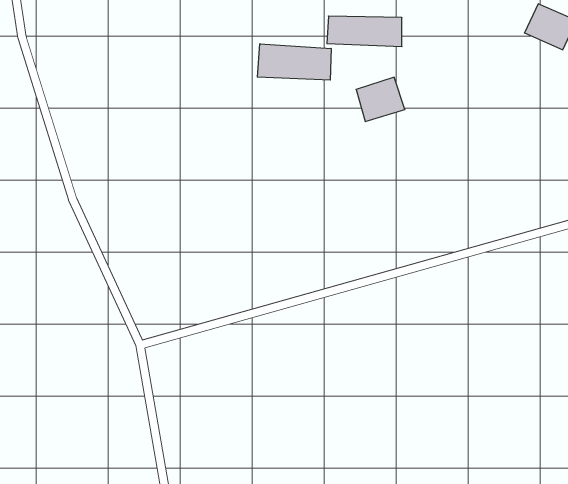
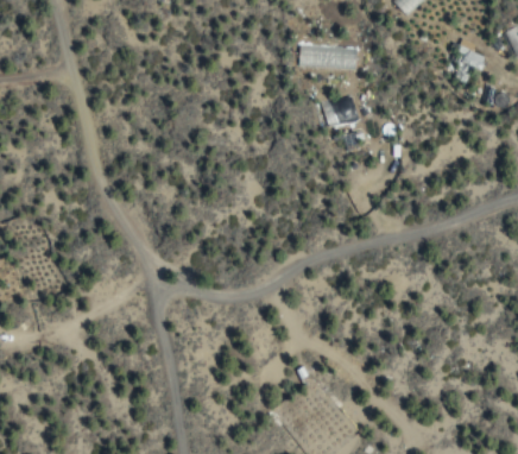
building: [257,44,331,80] -> none

